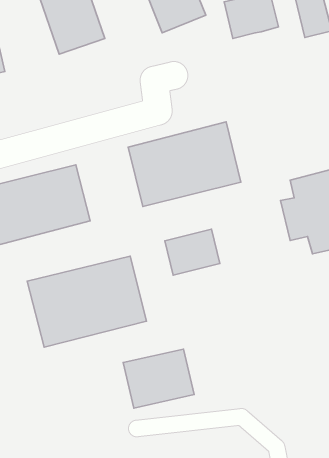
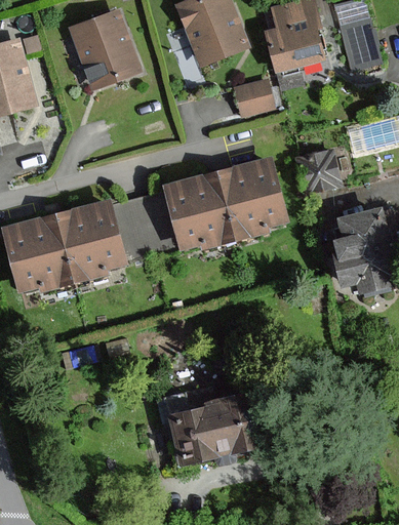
building: none -> [236,80,274,114]
building: none -> [297,151,341,192]
building: [165,229,220,275] -> none
building: [27,256,147,347] -> none

